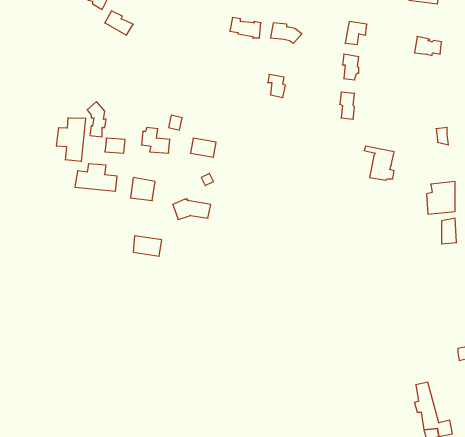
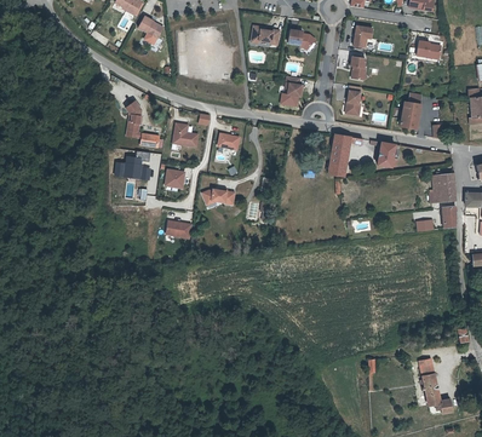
building: none -> [403,91,425,128]
building: [57,118,86,162] -> none
building: none -> [328,133,365,176]

